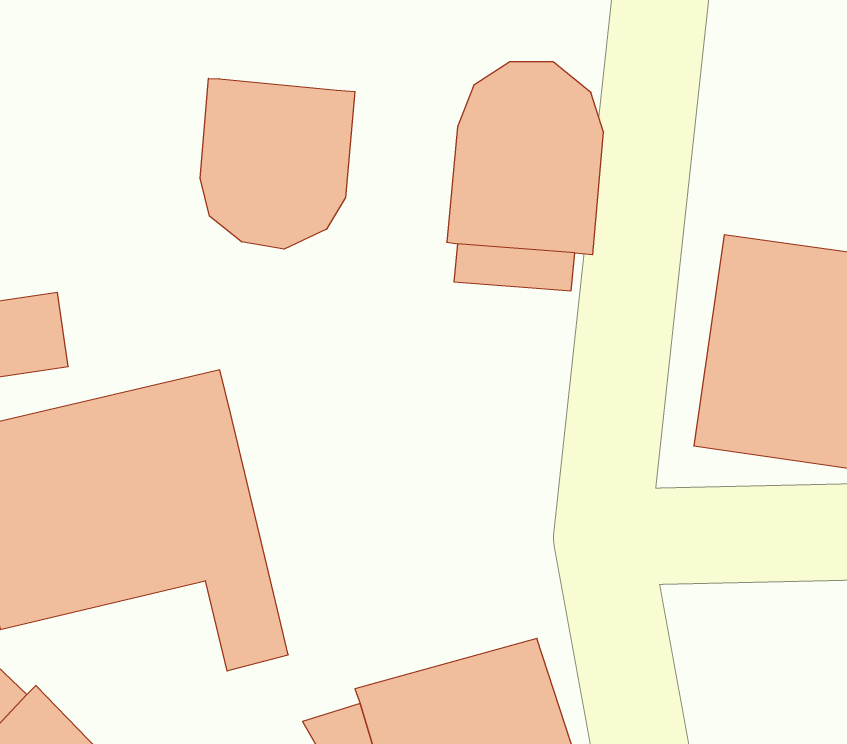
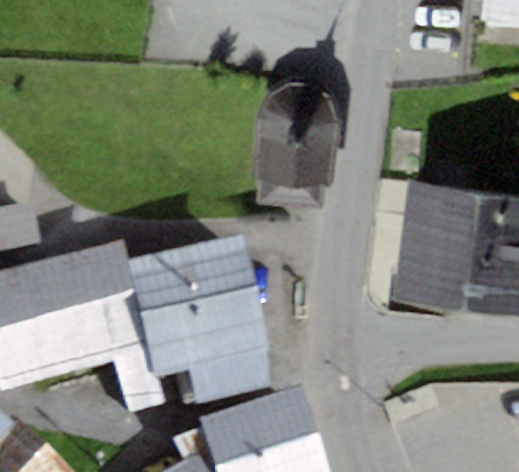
building: [200,78,355,249] -> none
building: none -> [132,245,273,411]

